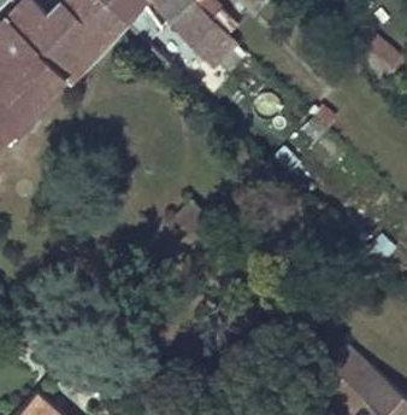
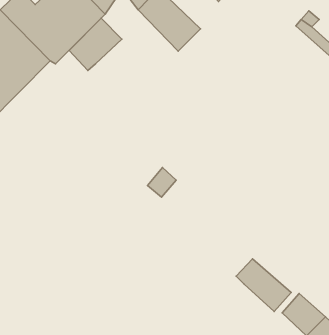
building: none -> [69,18,122,70]
building: none -> [236,259,291,312]

